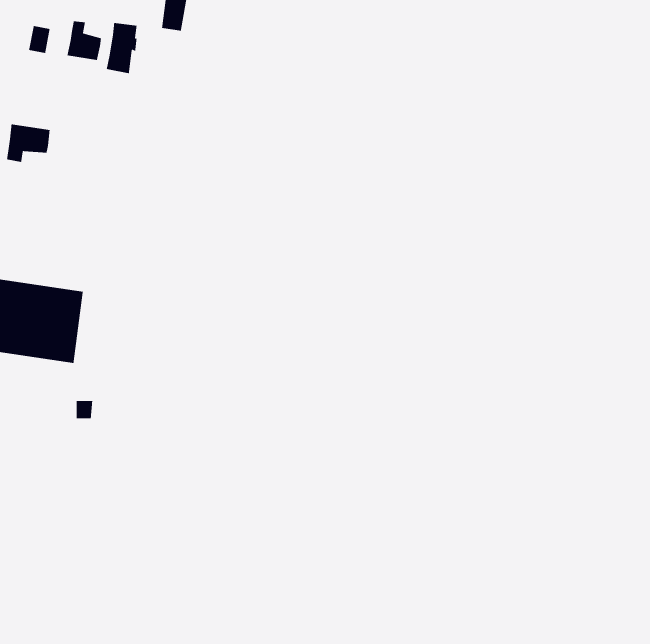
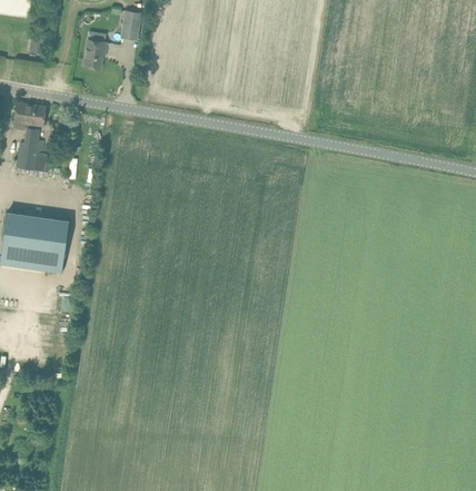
building: [66,20,102,61] -> none
building: none -> [18,129,50,173]

